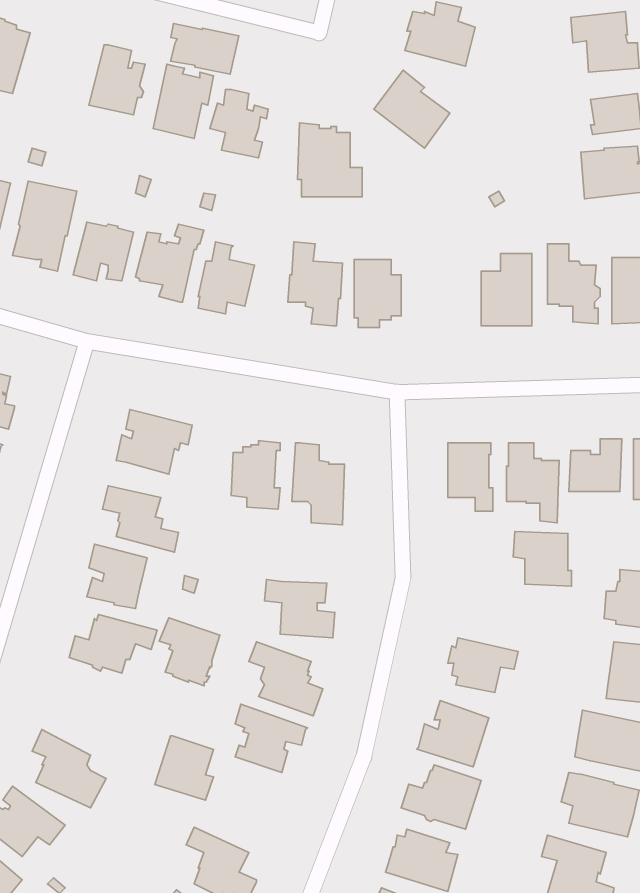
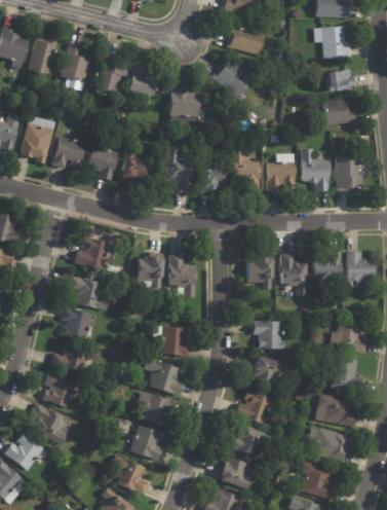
building: [170,24,239,74] -> none
building: none -> [28,36,56,74]
building: none -> [231,149,260,191]
building: [513,532,572,586] -> [253,320,283,349]
building: [159,618,220,686] -> [43,372,75,408]
building: [155,736,213,800] -> [130,426,161,460]

